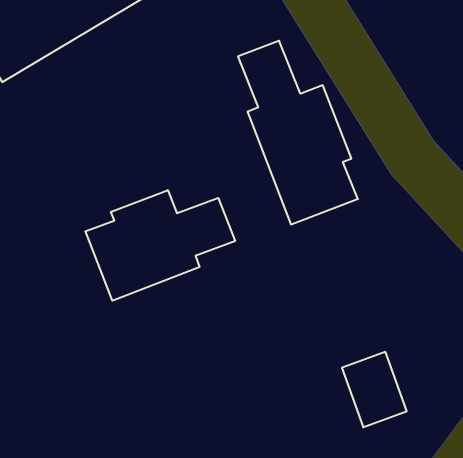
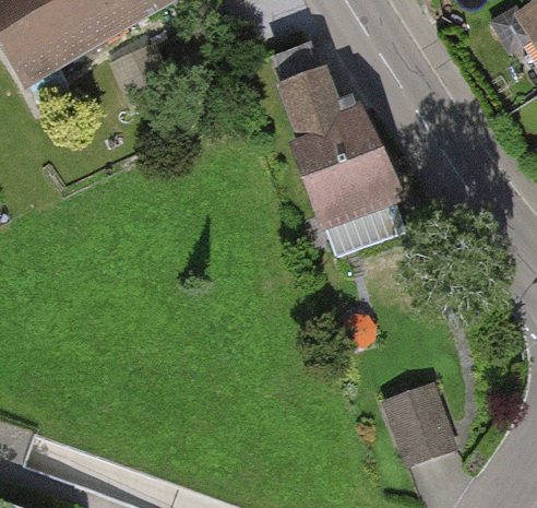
building: [85,190,235,301] -> none

